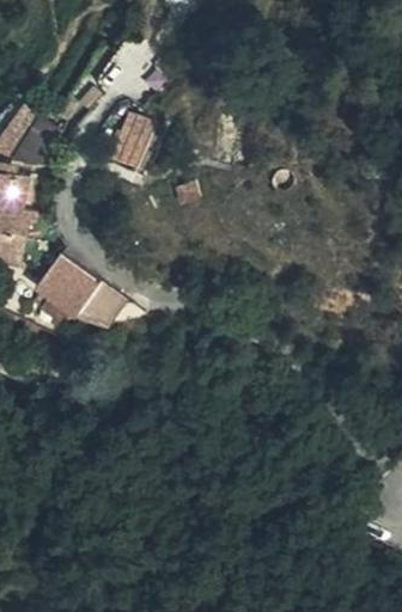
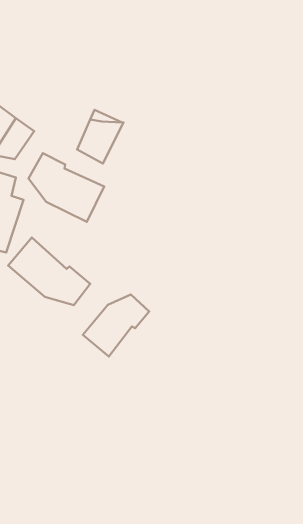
building: none -> [29,153,104,222]
building: none -> [83,295,149,356]

